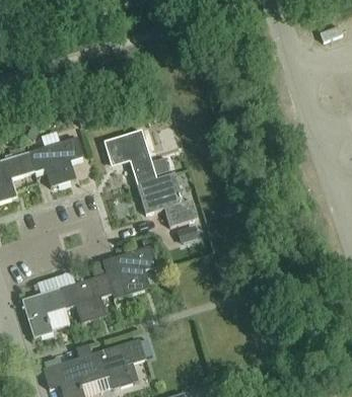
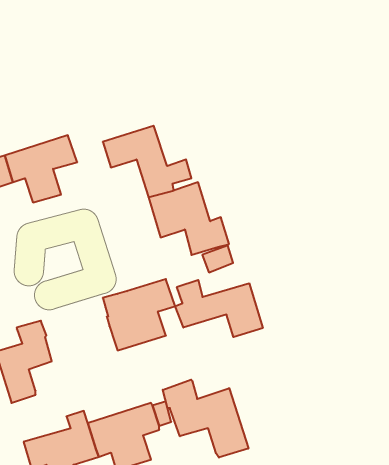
building: none -> [175,280,263,337]
building: [56,271,112,322] -> none
building: none -> [163,380,248,458]

